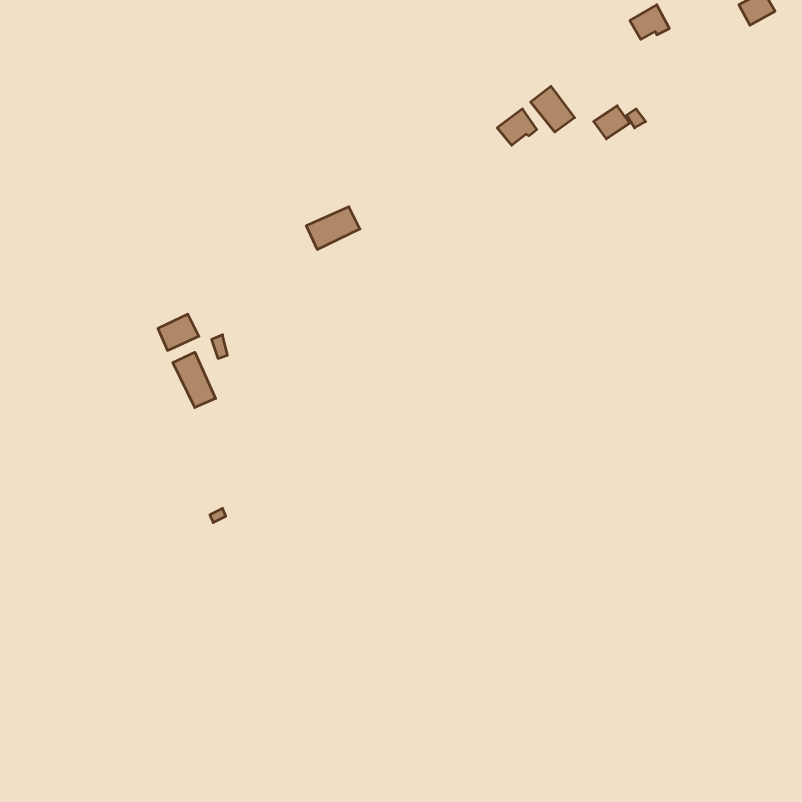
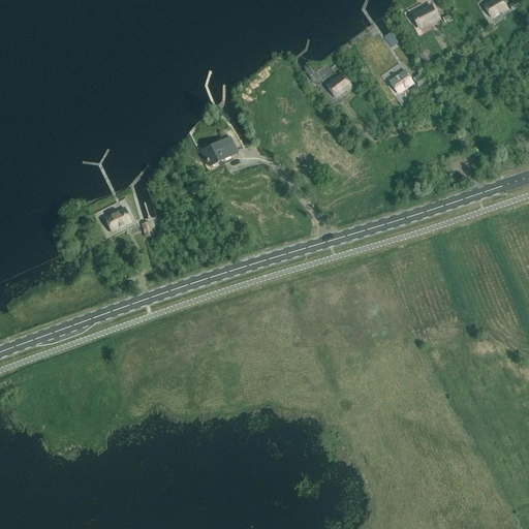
building: [531,86,575,132] -> none
building: [173,352,216,408] -> none

